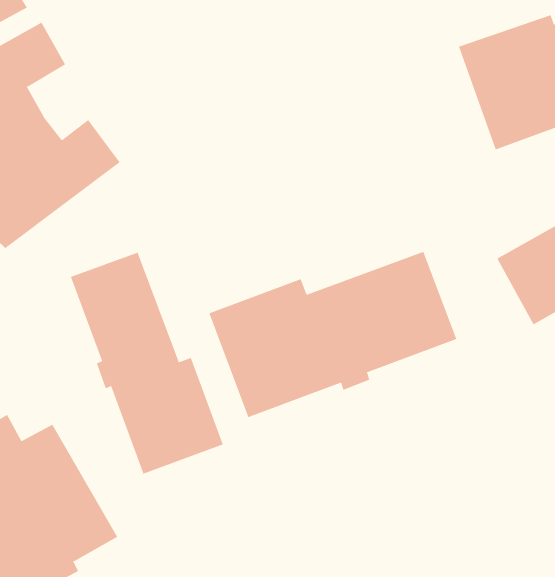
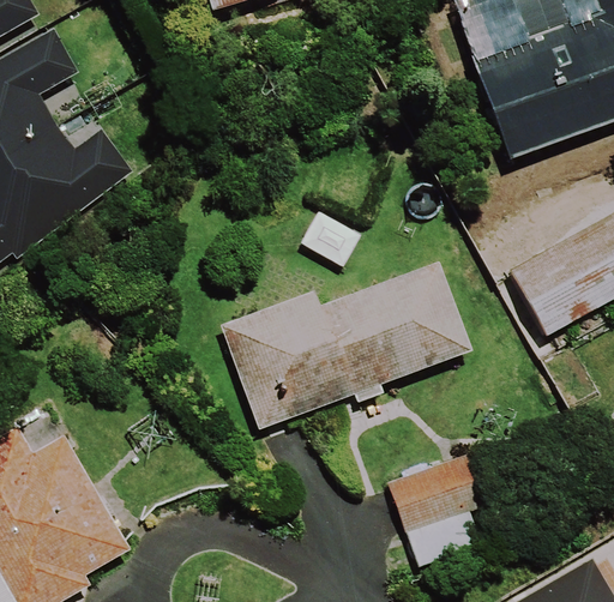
building: [70,252,224,474] -> none
building: none -> [386,451,504,571]

